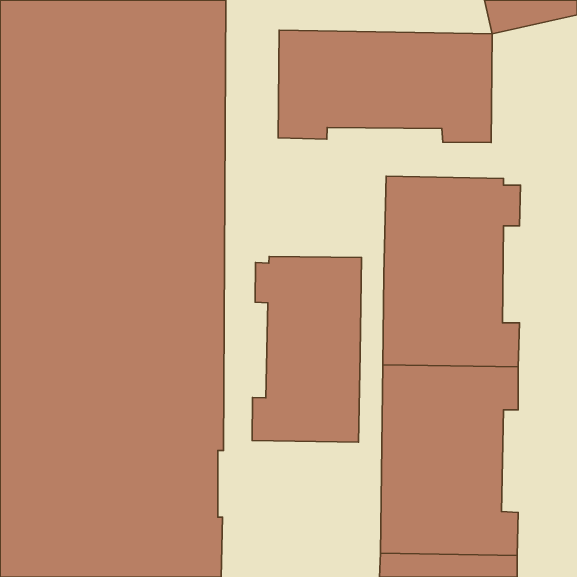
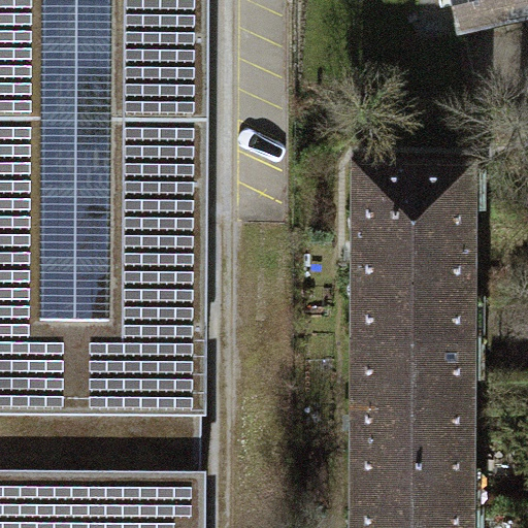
building: [278,30,492,142] -> none
building: [252,256,361,442] -> none

